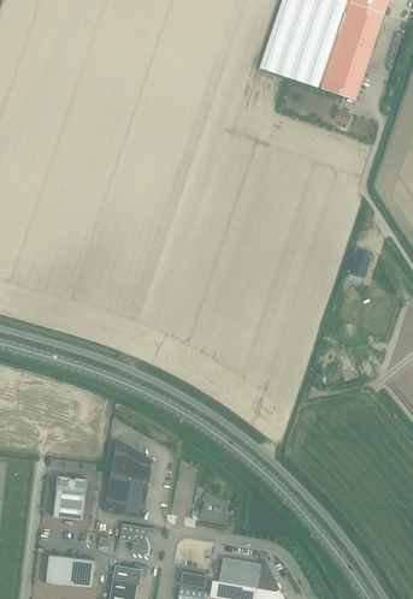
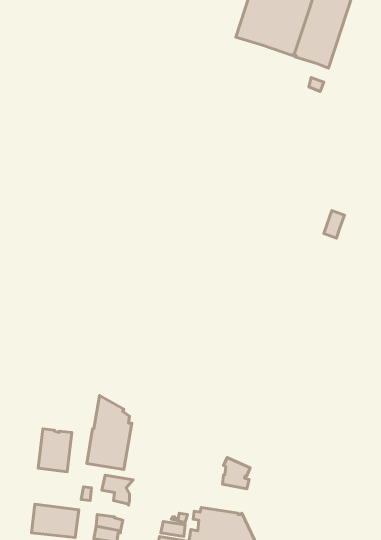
building: [200,492,229,524] -> [222,457,250,489]

